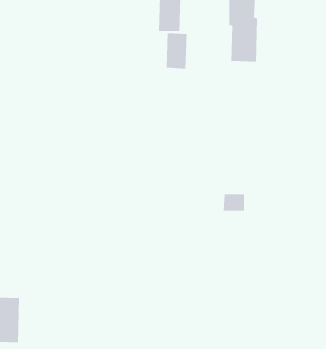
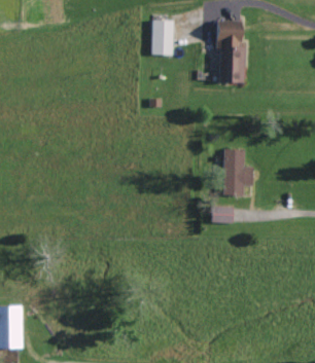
building: [166,32,187,70] -> none
building: none -> [223,149,253,196]

